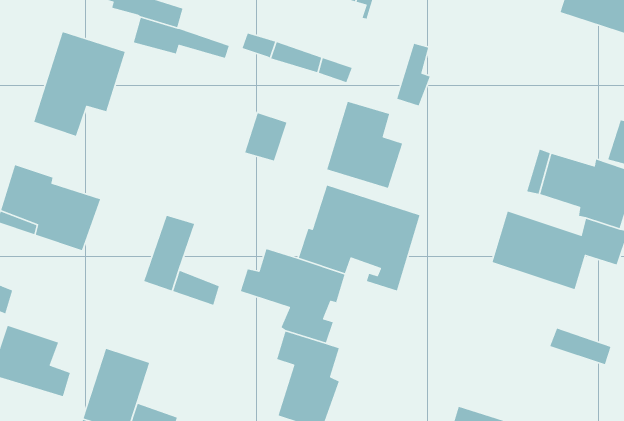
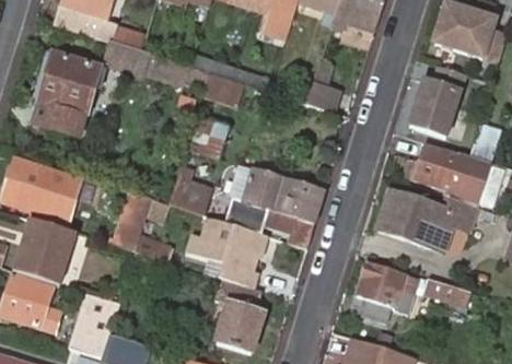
building: none -> [404,63,461,137]
building: [326,101,403,189] -> none
building: none -> [171,165,211,215]
building: none -> [22,216,85,286]
building: none -> [358,259,406,318]

